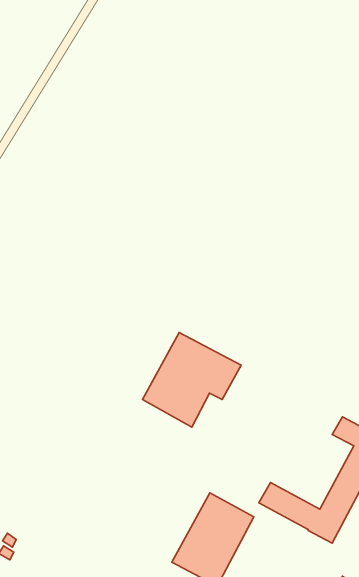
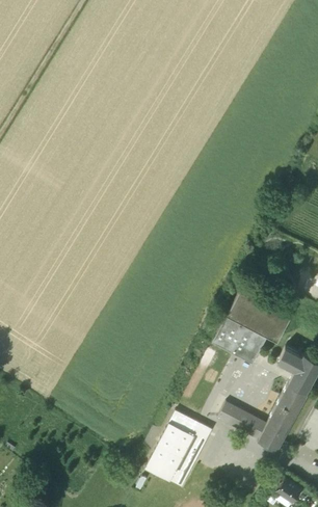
building: [143,332,241,427] -> [213,286,294,364]

